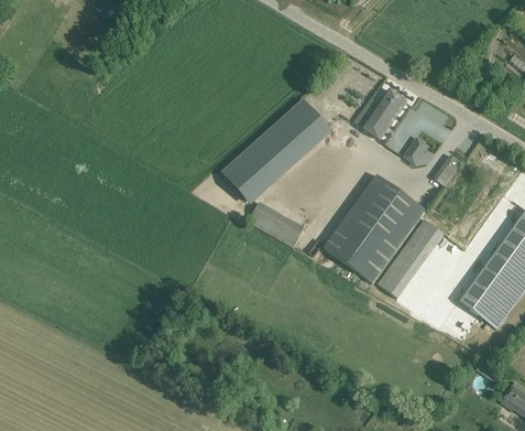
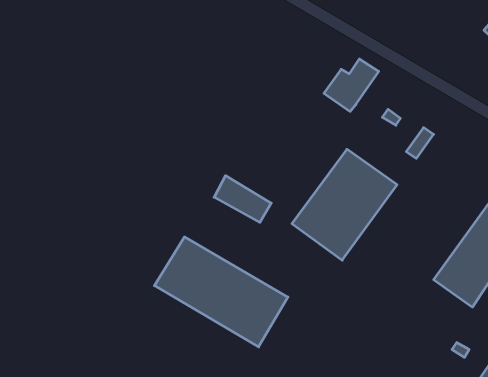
building: [221,99,328,201] -> none
building: [378,220,444,299] -> none
building: none -> [154,237,288,347]

